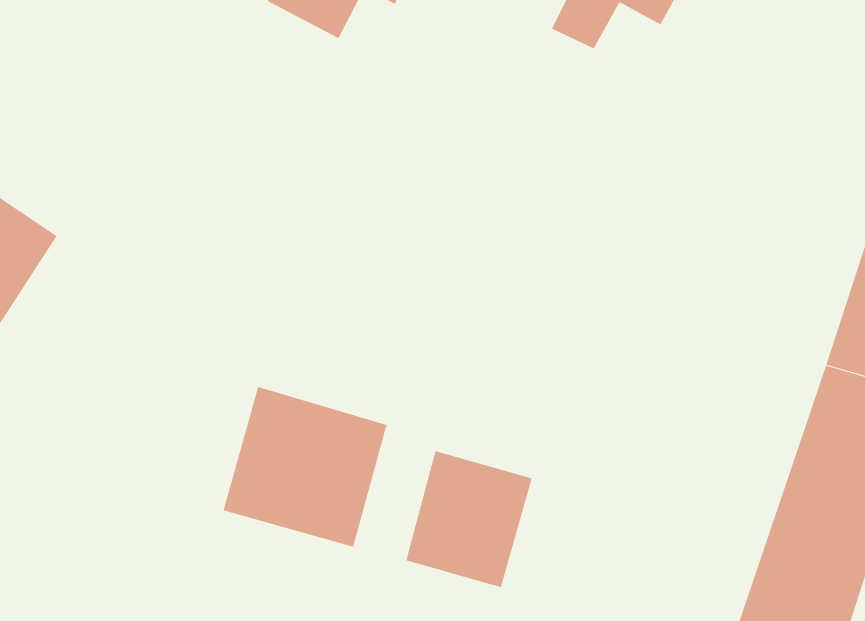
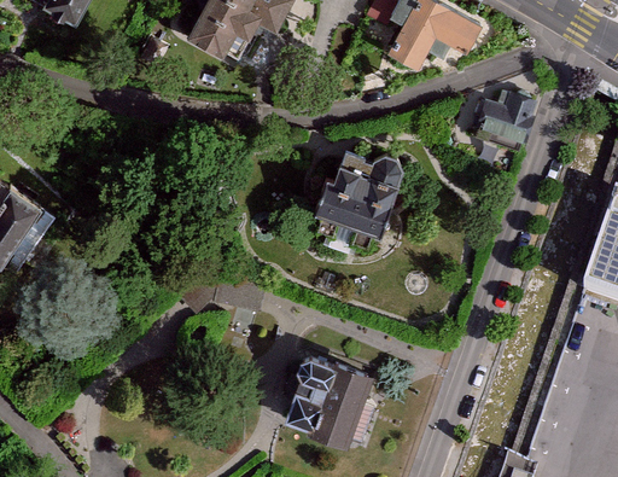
building: none -> [478,92,536,149]
building: none -> [316,136,404,234]
building: [223,386,387,547] -> none

